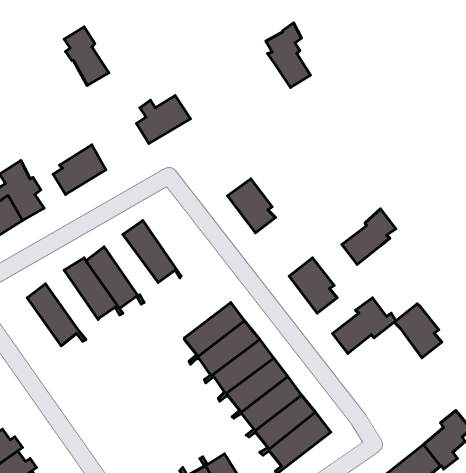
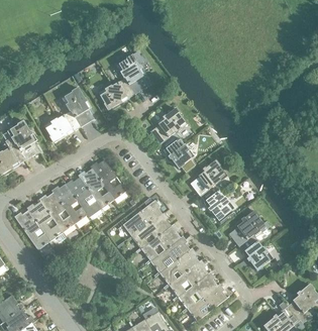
building: [266,23,311,88] -> [119,49,148,92]
building: [64,27,109,85] -> [65,87,94,125]
building: none -> [149,106,185,142]
building: [342,209,396,264] -> [190,158,225,195]
building: none -> [79,168,117,208]
building: none -> [40,191,79,231]
building: none -> [122,200,162,239]
building: none -> [15,209,54,249]
building: [394,304,442,358] -> [238,233,270,268]

